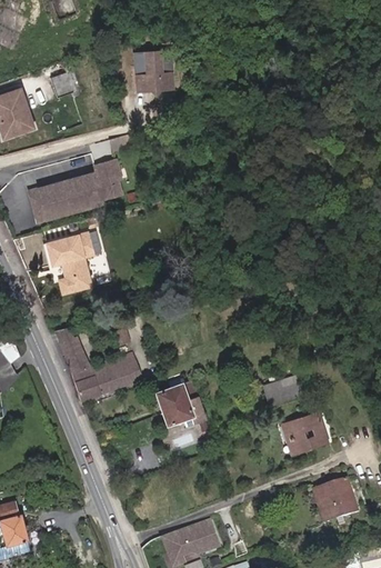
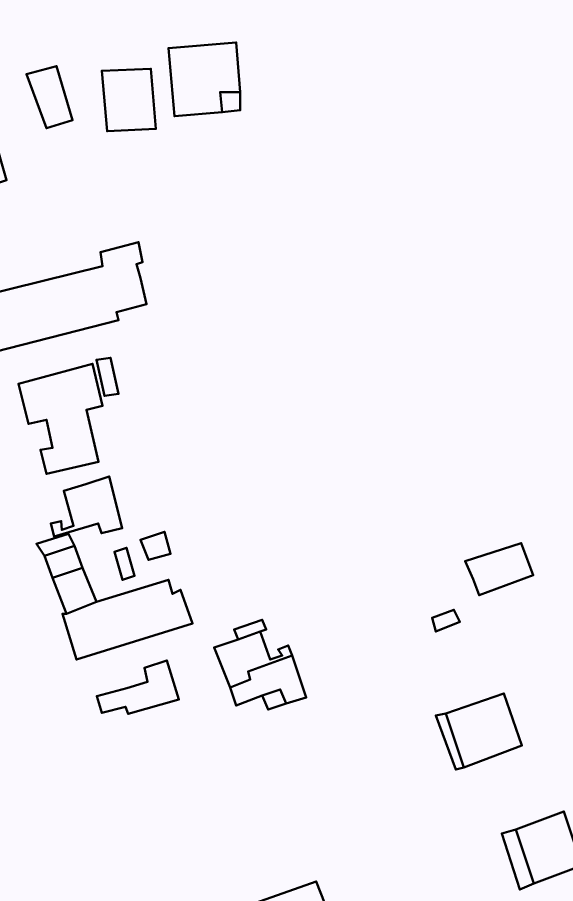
building: none -> [102,69,156,131]
building: none -> [51,476,122,537]
building: [261,380,299,409] -> [465,543,533,595]
building: none -> [97,660,179,714]

